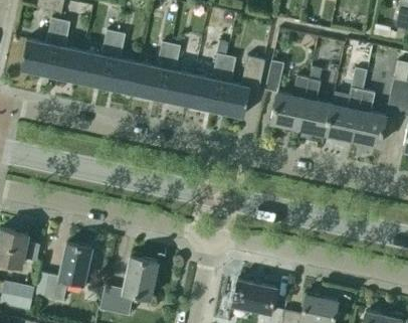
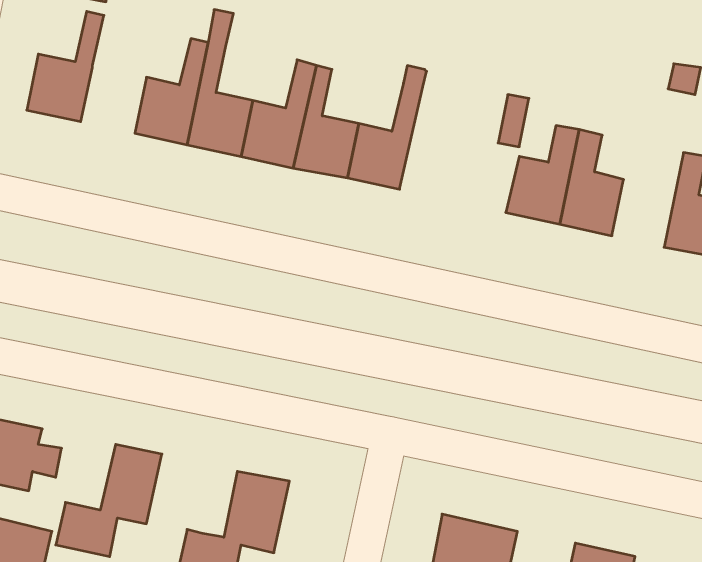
building: [49,20,83,82] -> none
building: [215,57,263,117] -> none
building: [326,69,367,141] -> none

